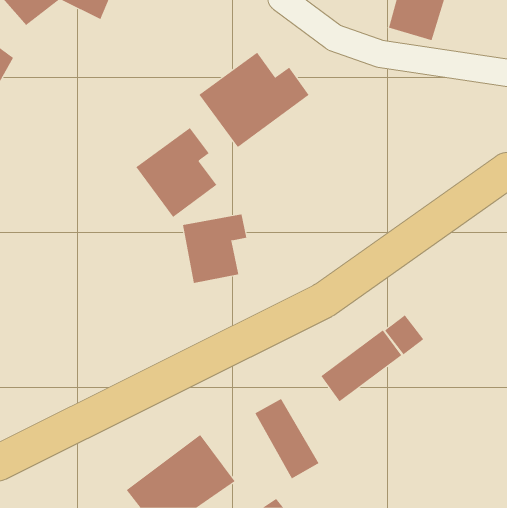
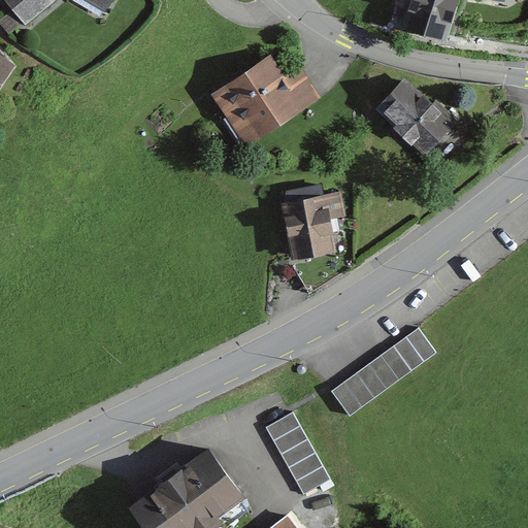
building: none -> [374,78,453,155]
building: [136,127,217,218] -> none
building: [182,214,247,284] -> [278,191,345,263]

